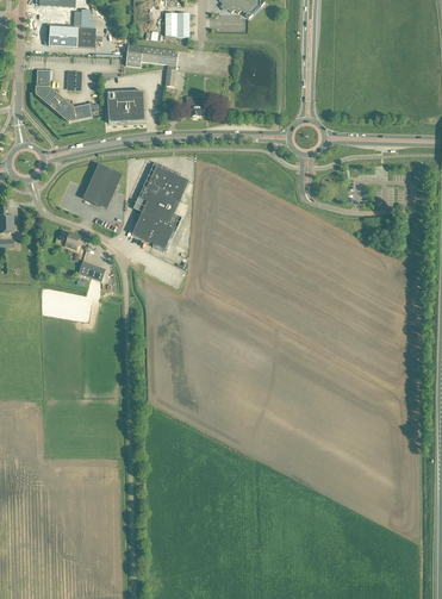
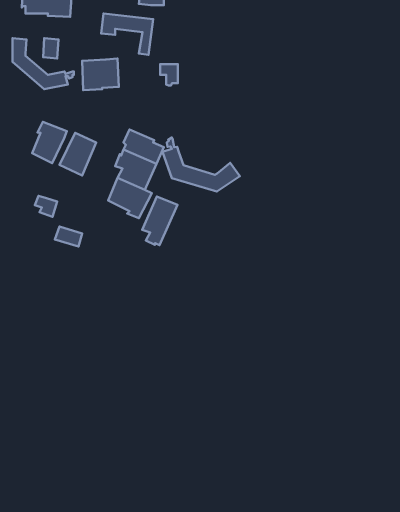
building: none -> [32,122,67,163]
building: none -> [163,138,240,192]
building: none -> [142,196,177,245]

